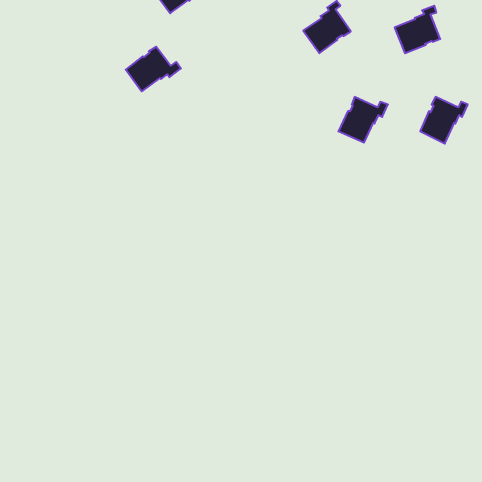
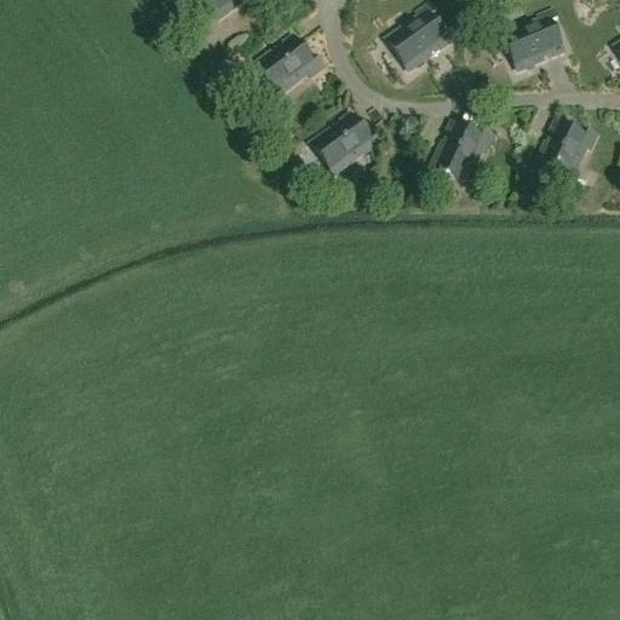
building: [126,47,181,91] -> [259,38,329,94]
building: none -> [316,115,386,172]

